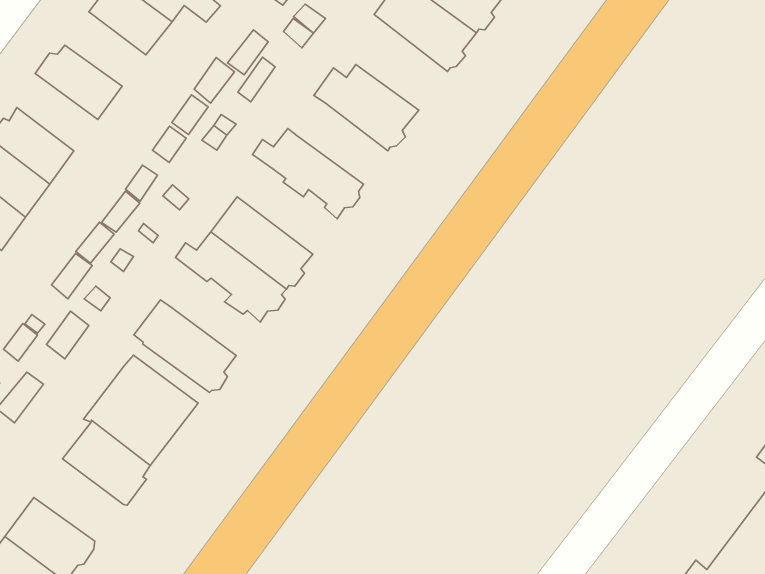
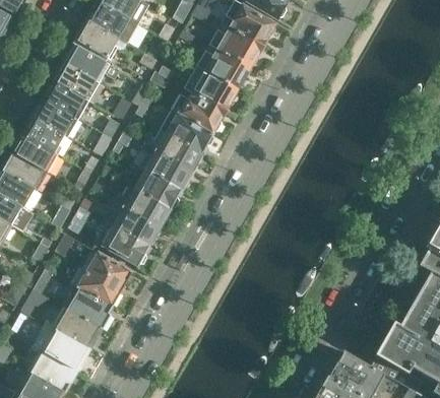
building: none -> [43,82,84,118]
building: none -> [188,66,238,112]
building: none -> [22,117,64,153]
building: none -> [161,111,213,152]
building: none -> [133,144,191,191]
building: none -> [107,201,159,247]
building: none -> [55,310,101,349]

